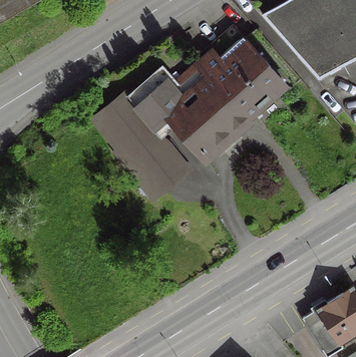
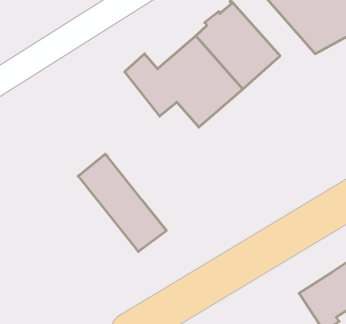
building: [97,95,186,193] -> [78,154,166,252]

